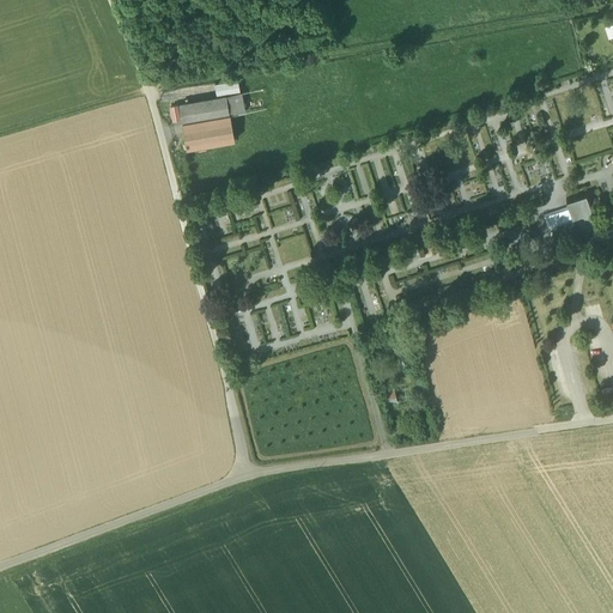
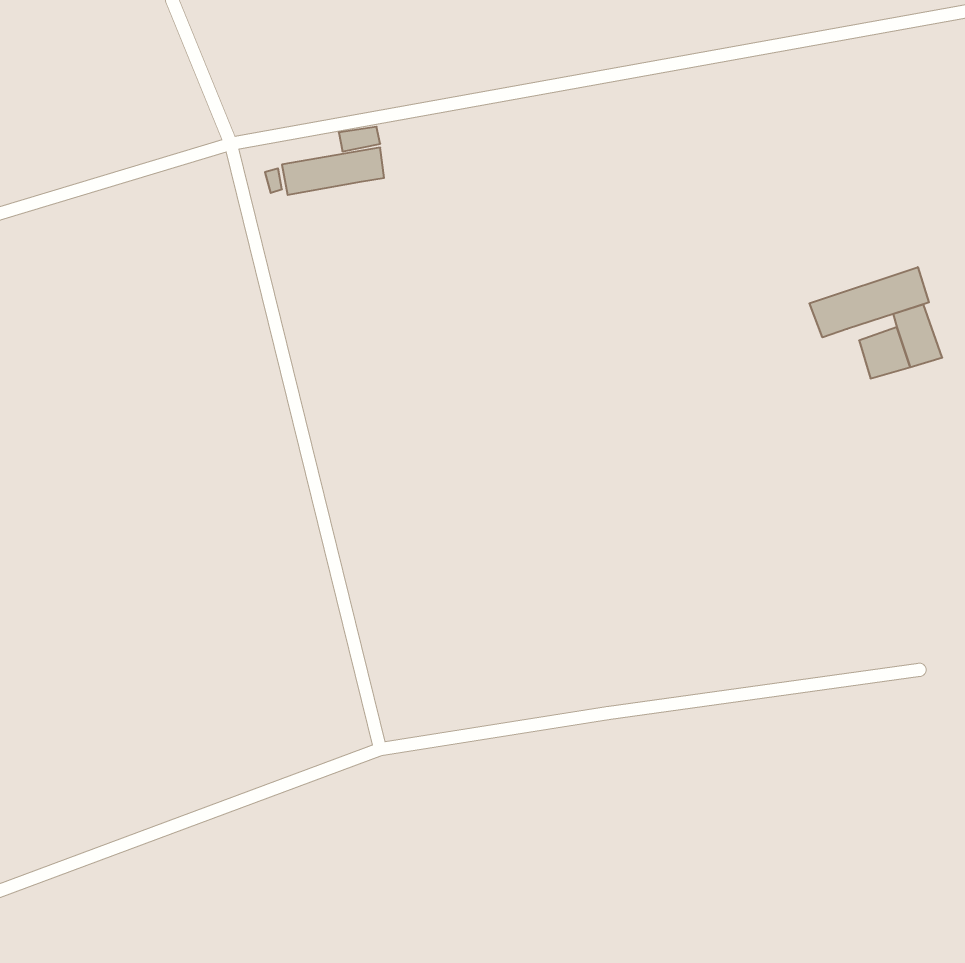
building: [182,117,233,152] -> none
building: none -> [809,267,929,337]

